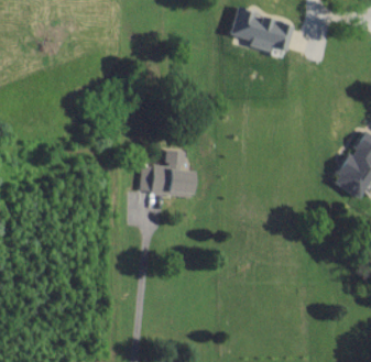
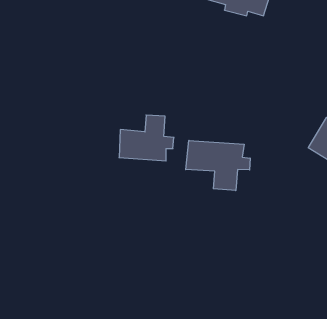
building: none -> [186,140,250,191]

